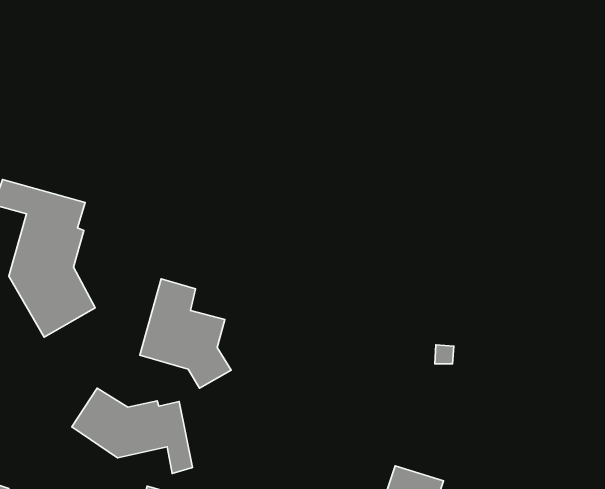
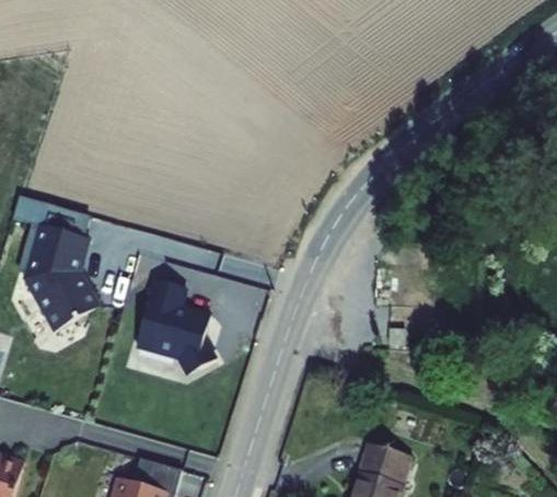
building: [72,388,193,473] -> none

